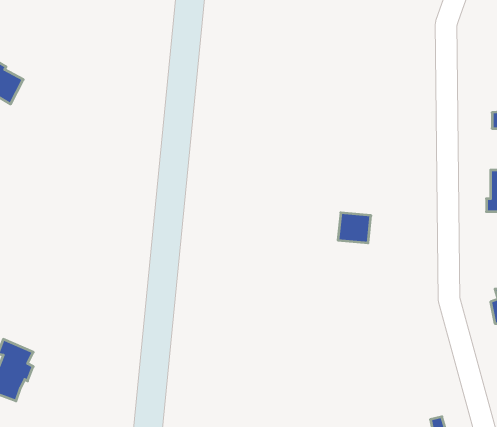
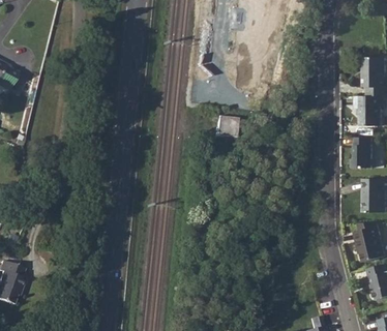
building: [338,213,371,243] -> [216,114,240,136]

